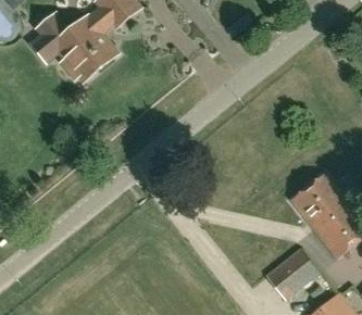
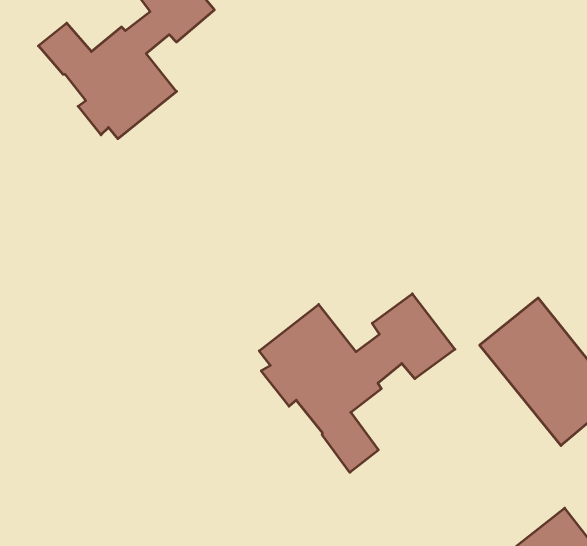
building: none -> [259,294,455,472]
building: [264,248,320,301] -> none

